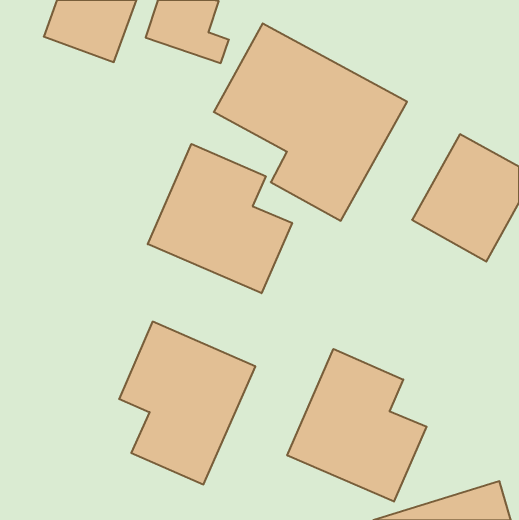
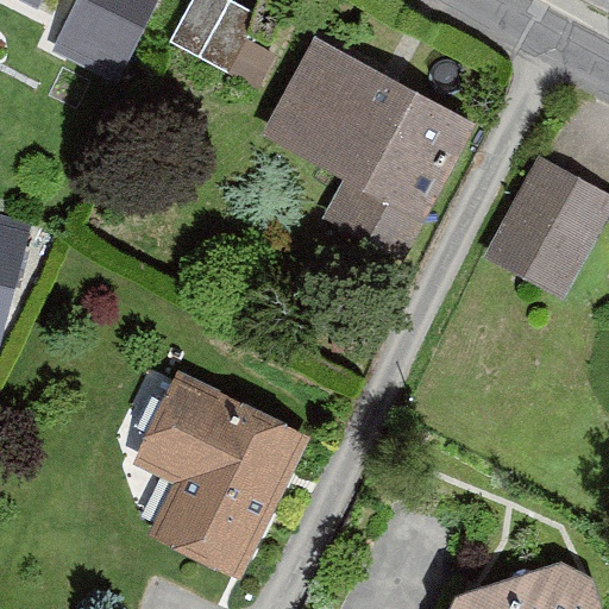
building: [148,144,292,293] -> none
building: [287,349,427,502] -> none

